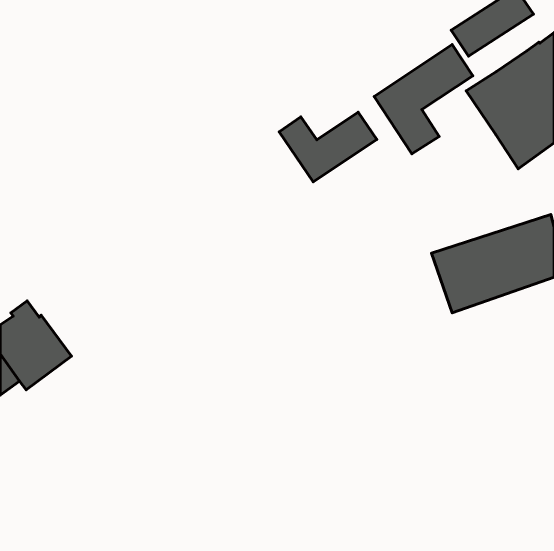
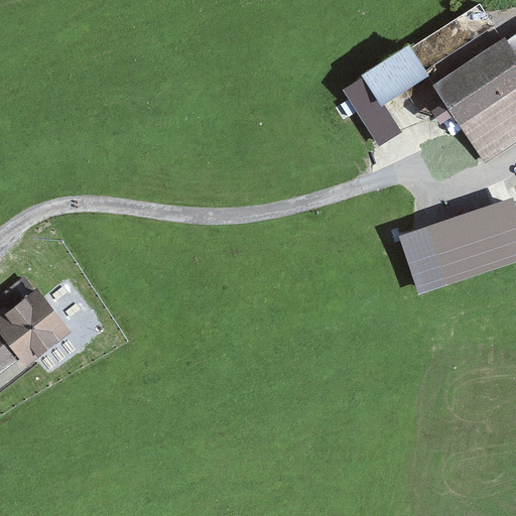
building: [279,112,377,182] -> none

